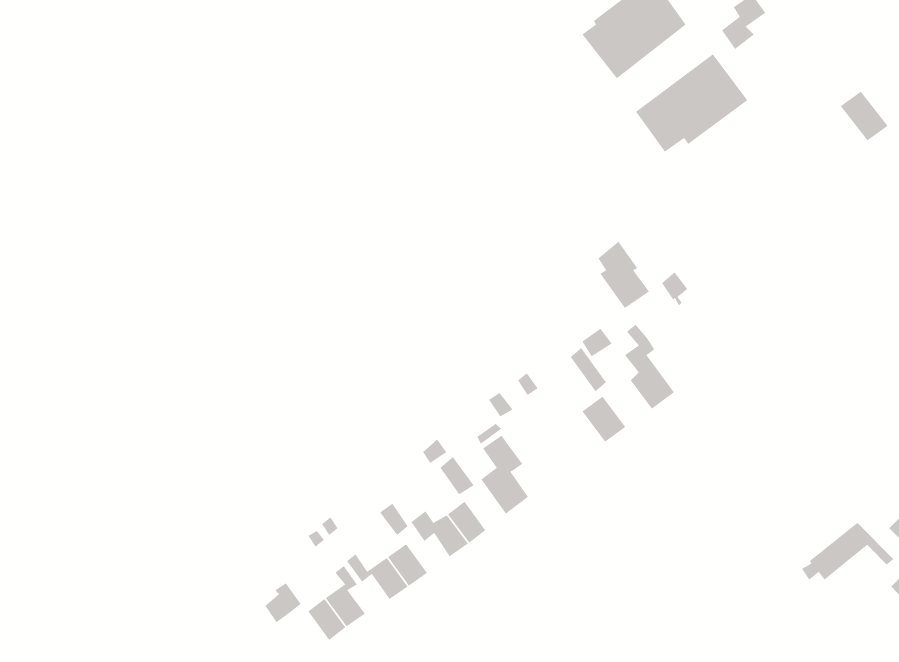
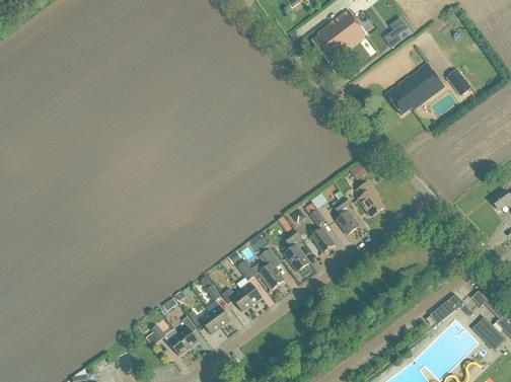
building: [635,53,748,153] -> [386,63,445,114]
building: [597,241,650,309] -> [357,181,384,217]
building: none -> [283,229,309,272]

